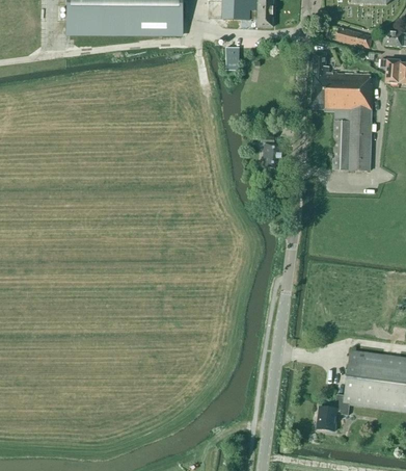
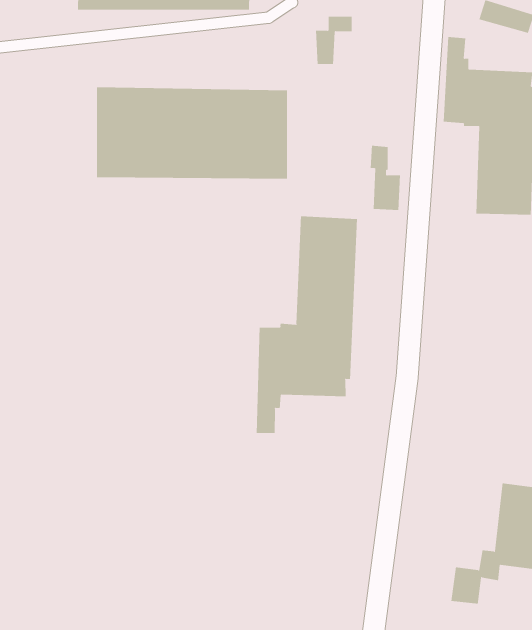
building: none -> [96,87,287,180]
building: none -> [256,215,357,434]

